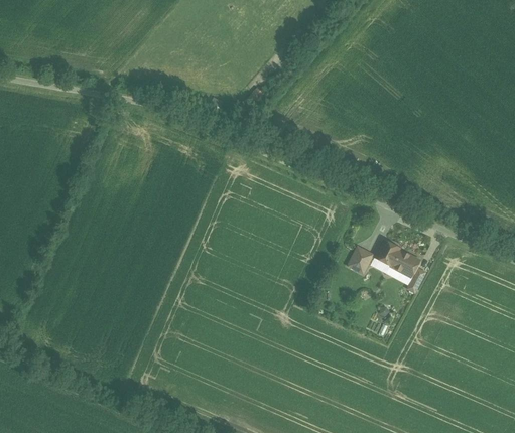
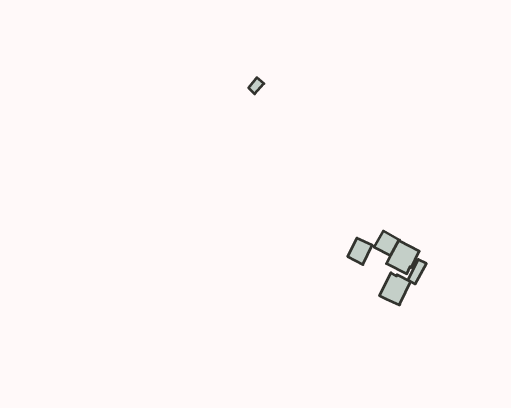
building: none -> [380,273,410,305]

